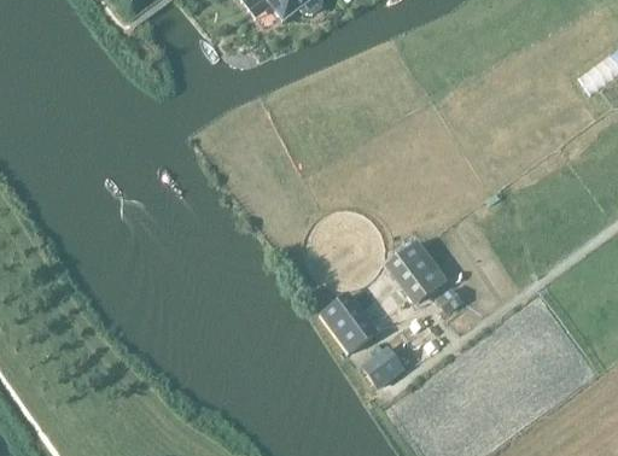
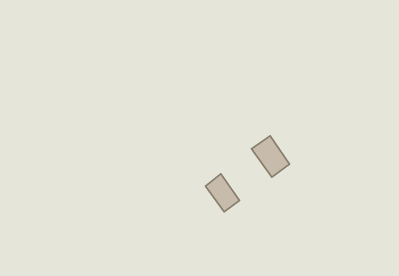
building: [360,346,403,388] -> none

